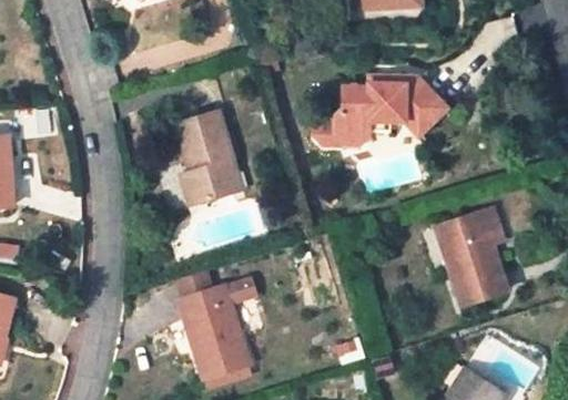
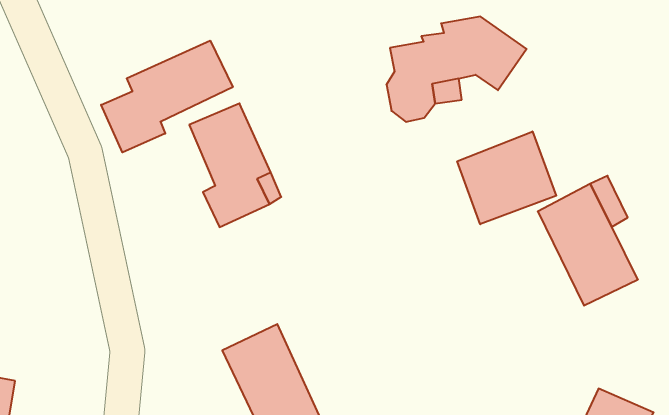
building: none -> [101,41,233,152]
building: none -> [457,131,556,224]

